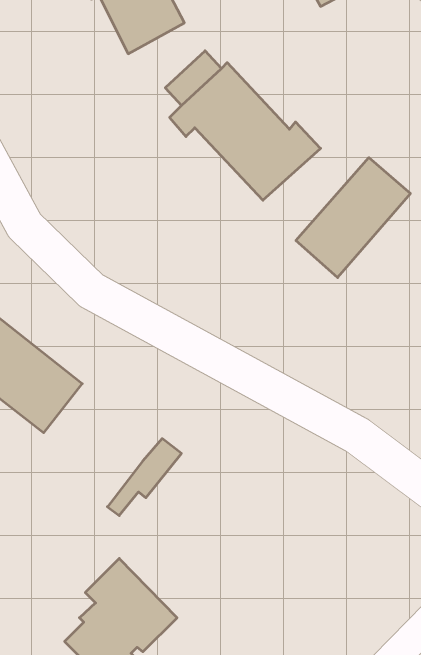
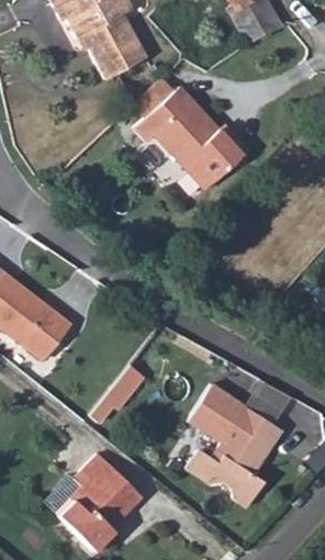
building: [296,158,410,278] -> none
building: none -> [187,384,282,508]

